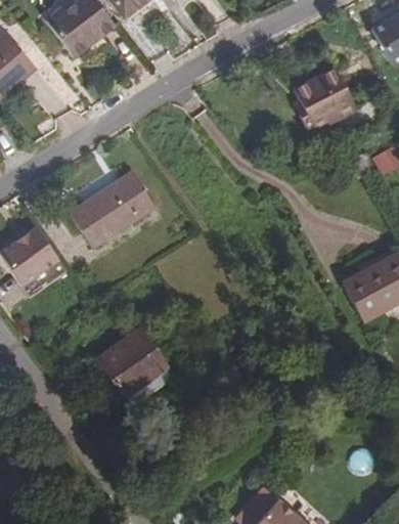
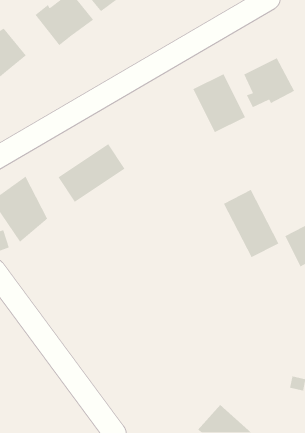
building: none -> [192,73,246,133]
building: none -> [223,189,279,258]
building: [97,331,164,396] -> none

